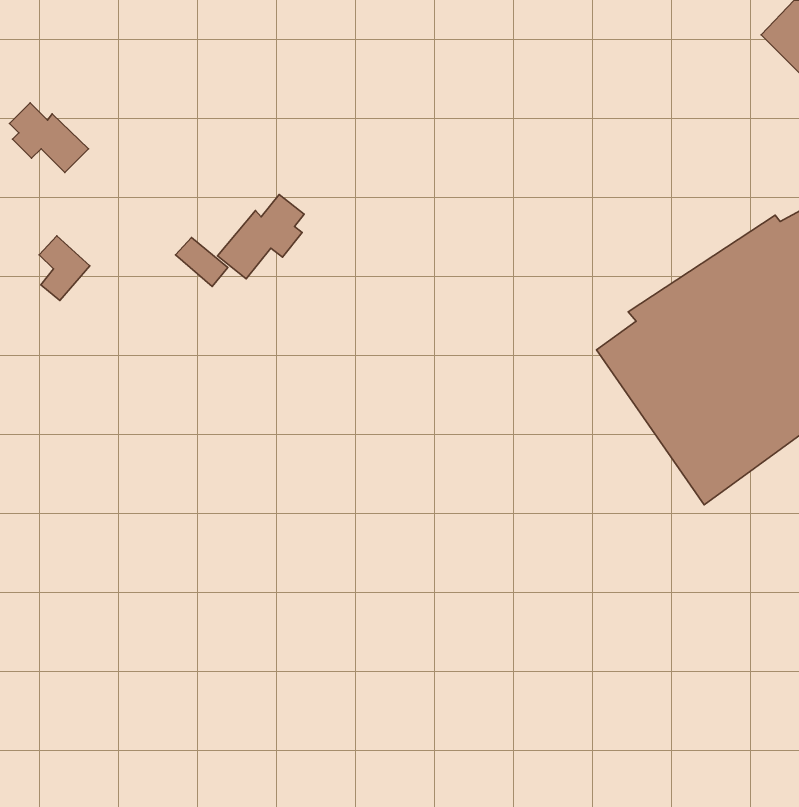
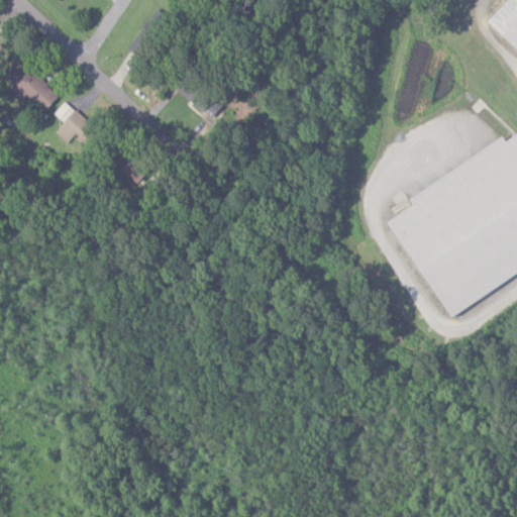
building: [218,194,304,279] -> none
building: [39,236,90,301] -> [60,102,92,143]

